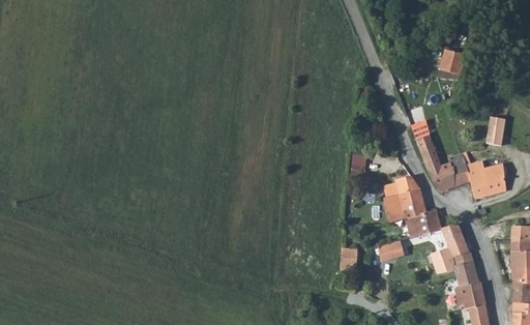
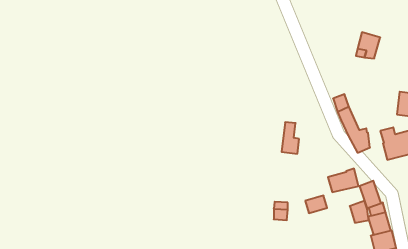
building: [448,152,471,184] -> none
building: [383,176,426,223] -> none

